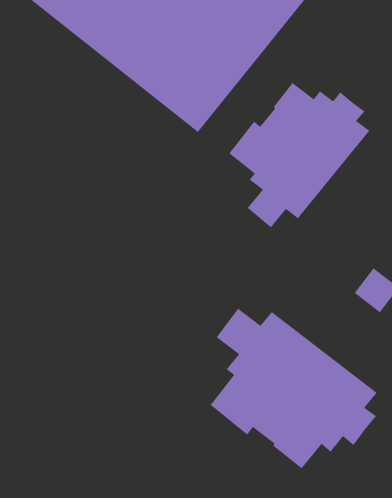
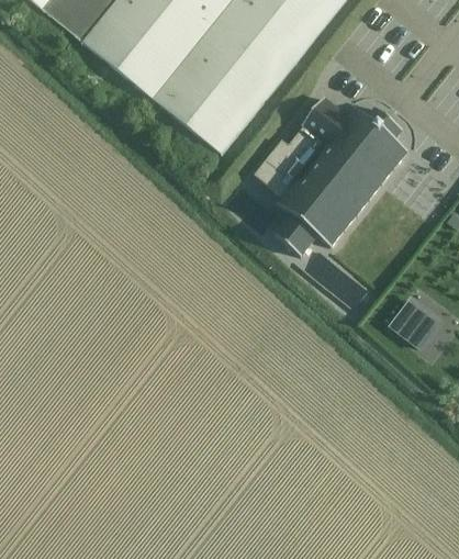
building: [210,308,378,469] -> none

